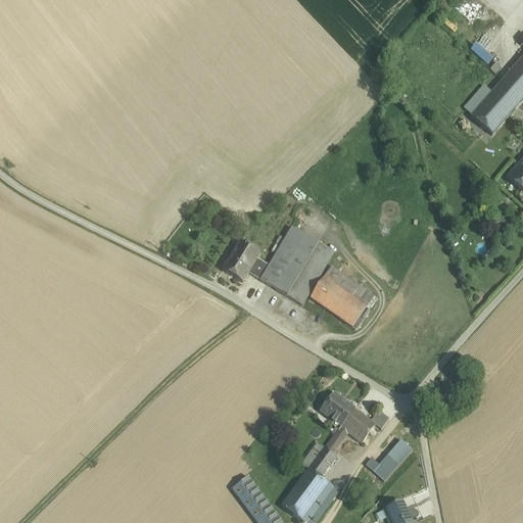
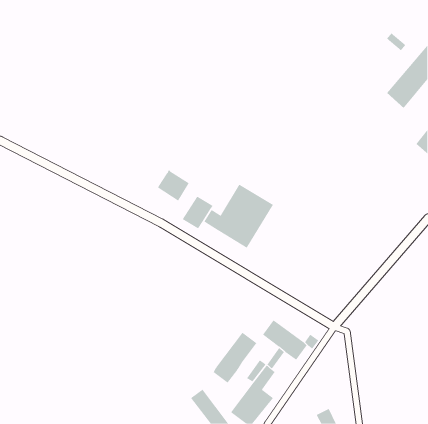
building: none -> [157,169,189,201]
building: [310,265,374,326] -> none
building: none -> [213,332,257,384]
building: [366,437,412,479] -> none

